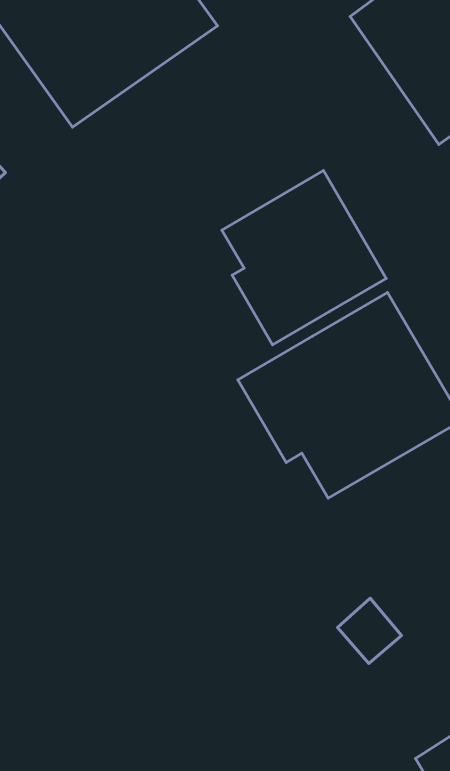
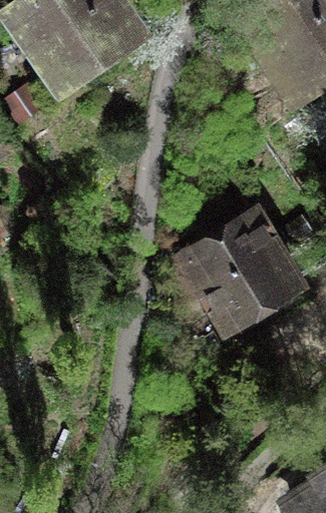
building: [222,171,386,345] -> none

